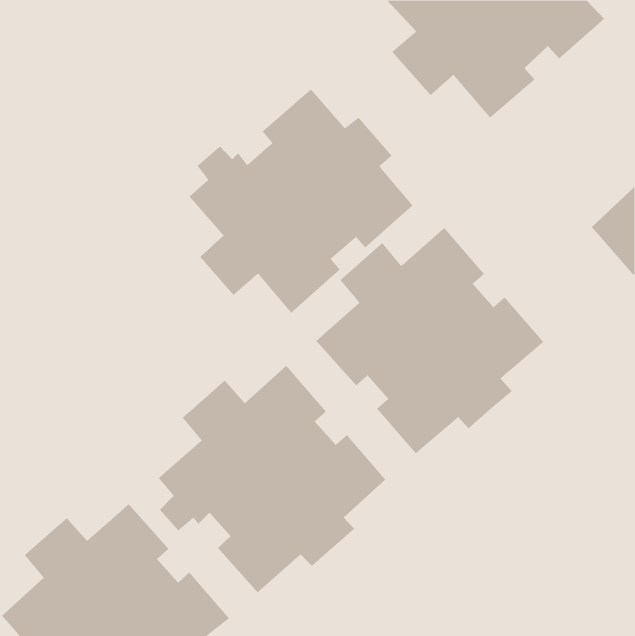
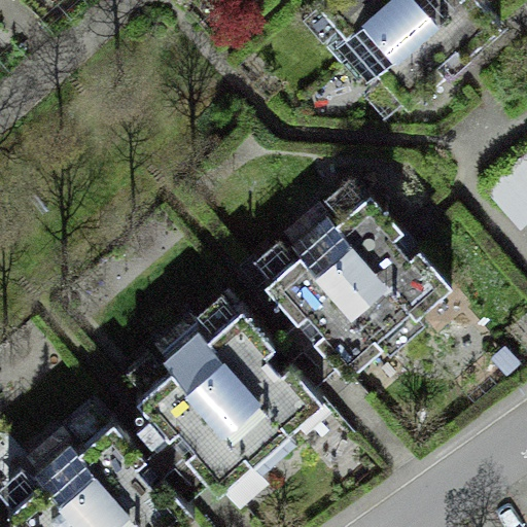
building: [189,88,413,313] -> none

